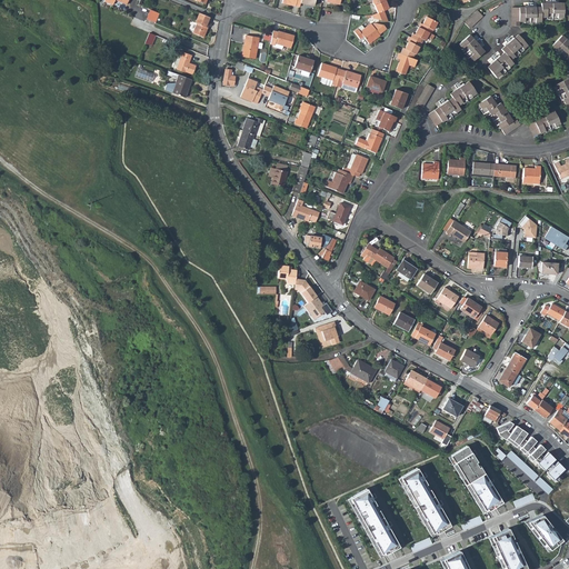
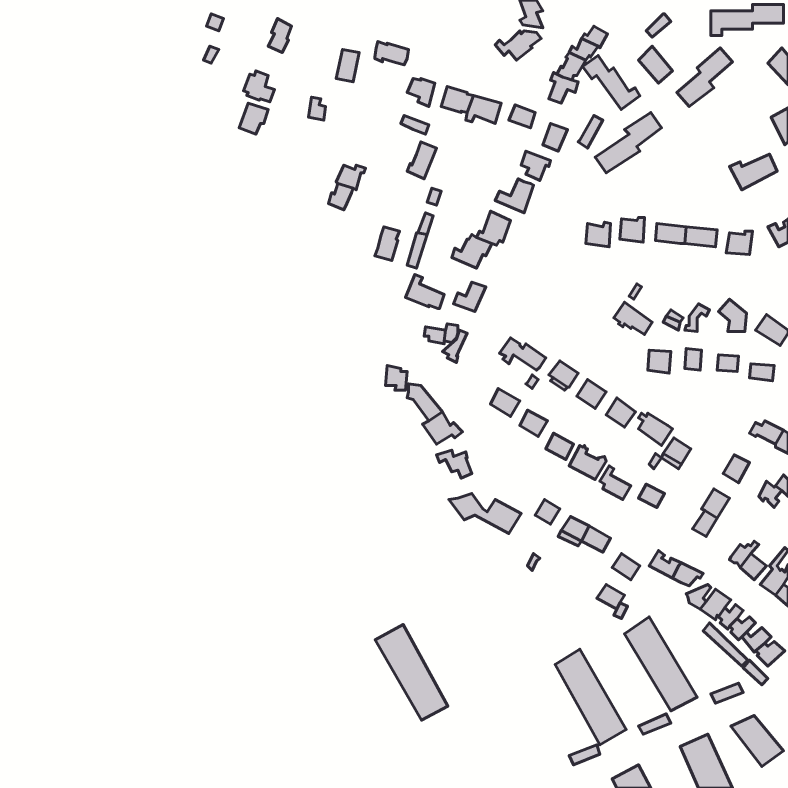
building: [240,79,289,110] -> none
building: [479,96,520,134] -> [583,56,640,110]
building: [348,488,400,557] -> [375,624,448,720]

